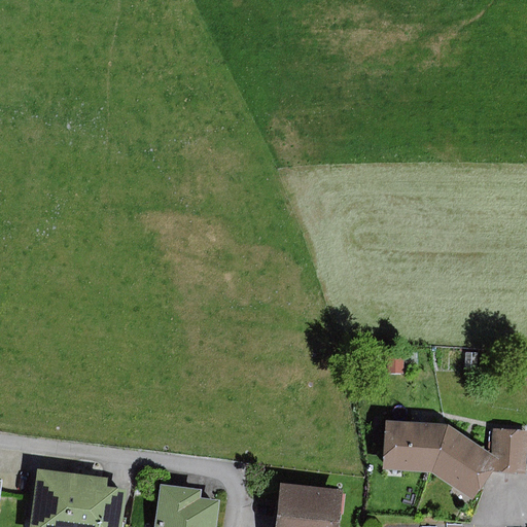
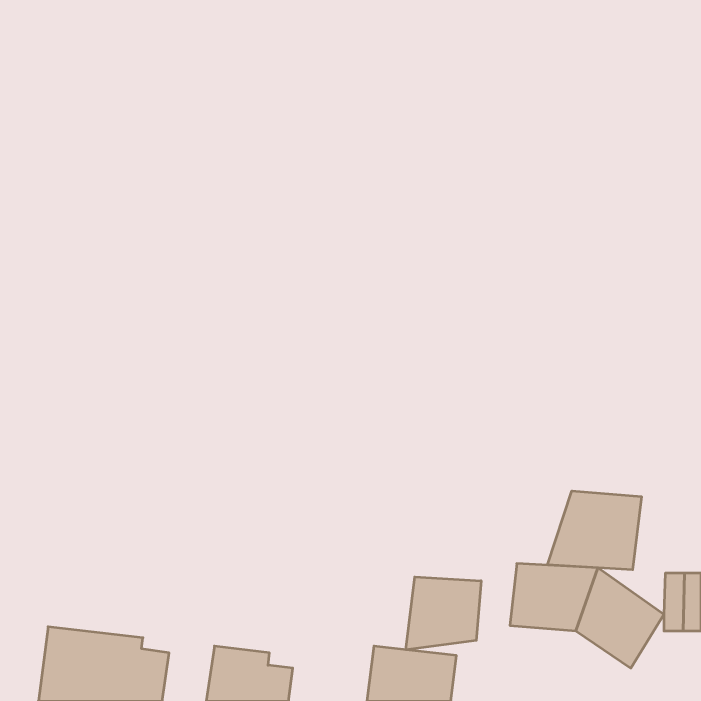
building: none -> [548,491,641,570]
building: none -> [406,577,481,650]

